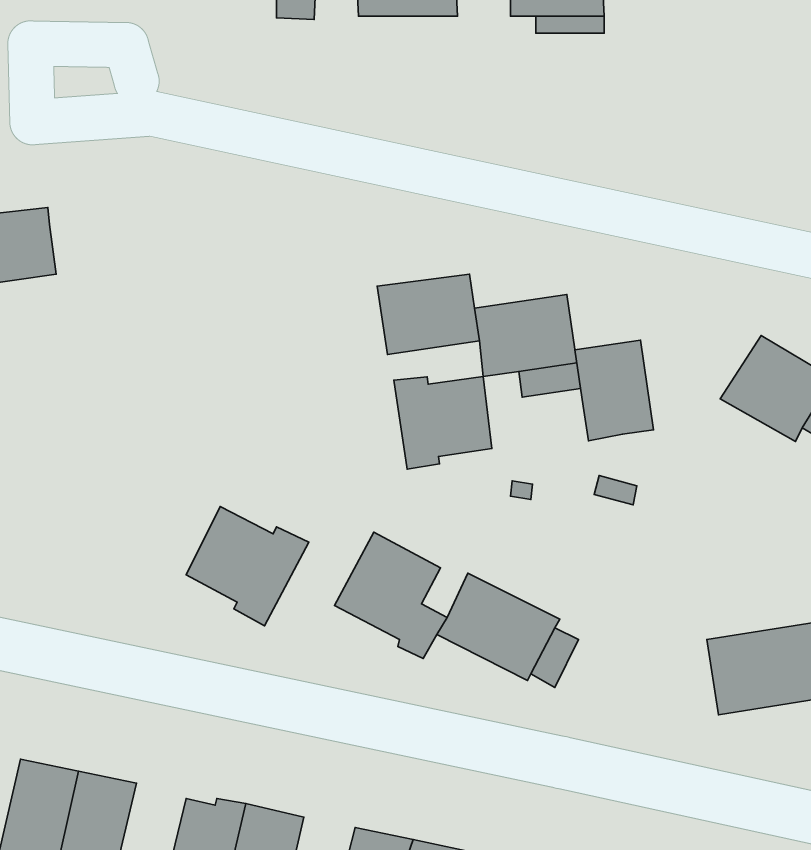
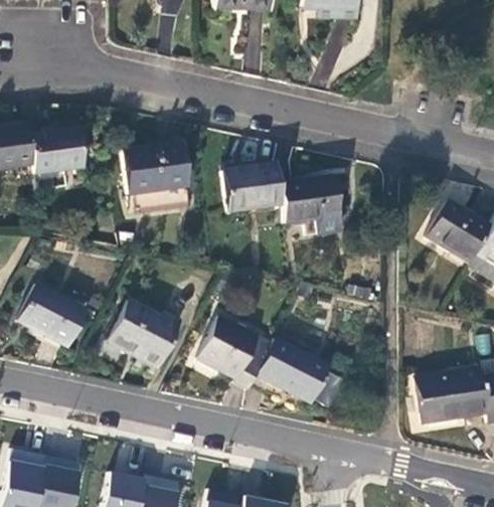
building: none -> [31,128,86,174]
building: none -> [125,144,190,195]
building: [575,340,653,441] -> none
building: [394,377,492,469] -> none
building: none -> [19,284,89,347]

